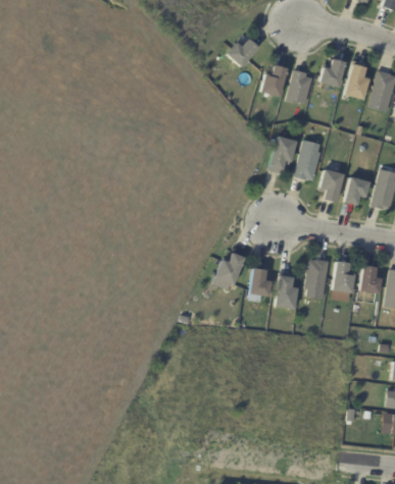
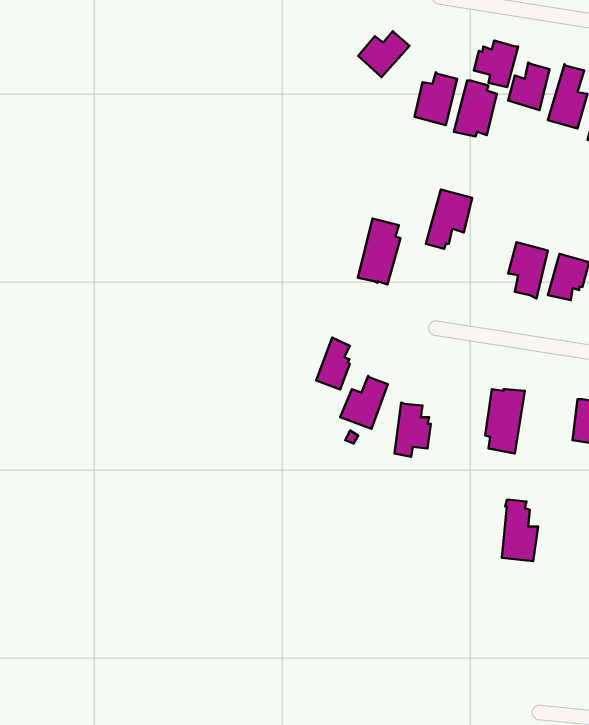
building: none -> [474,40,518,87]
building: [295,141,322,181] -> [358,218,401,284]
building: none -> [316,338,350,389]
building: [333,260,355,291] -> none
building: [276,272,298,310] -> [502,500,538,561]

